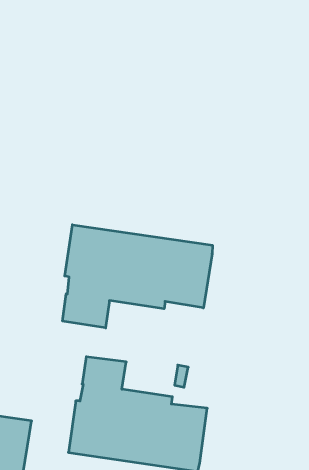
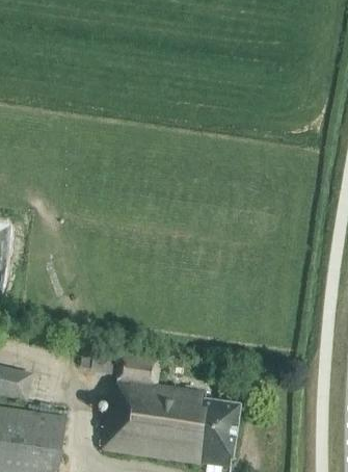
building: [63,225,212,328] -> none

